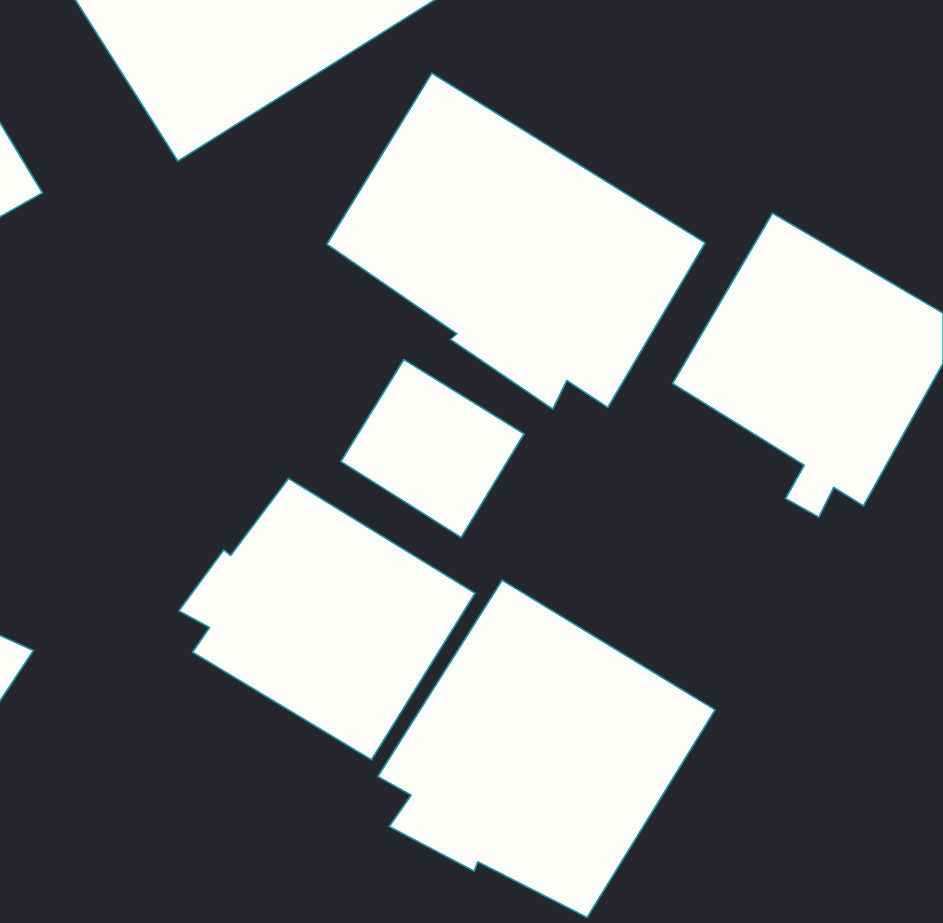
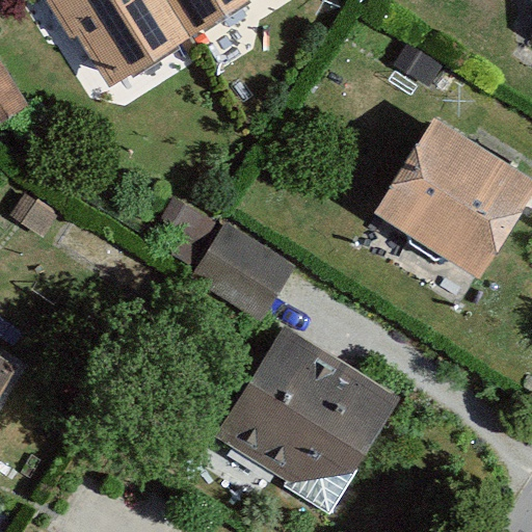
building: [327,73,705,409] -> none
building: [179,478,475,760] -> none

